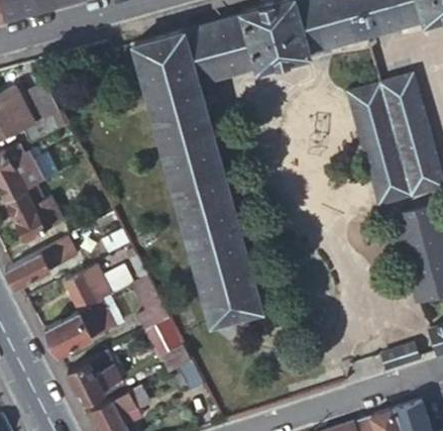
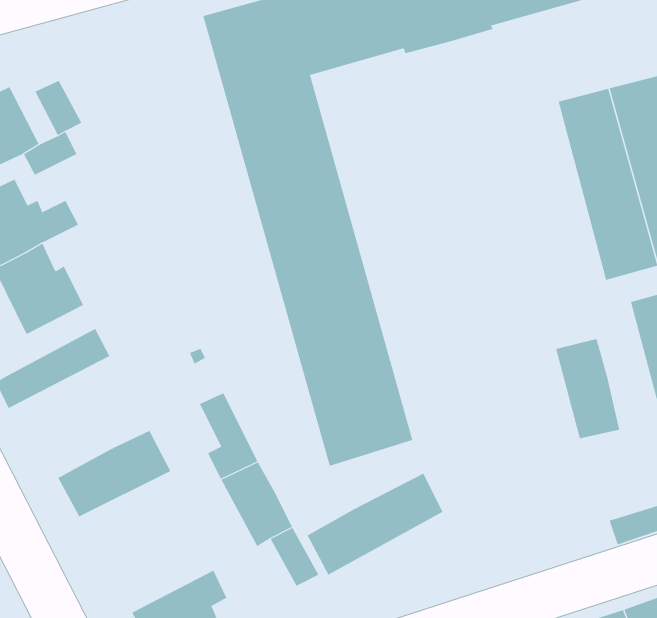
building: none -> [555,338,620,439]
building: [65,267,120,311] -> none
building: none -> [307,473,443,575]
building: [67,351,120,404] -> none

